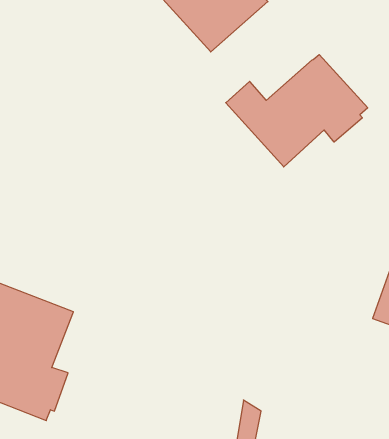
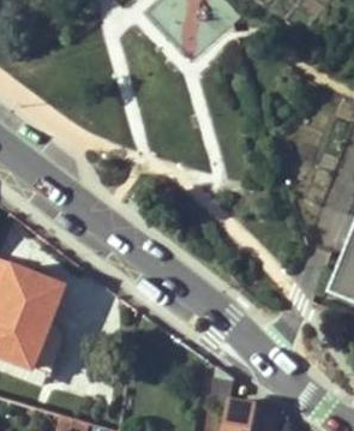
building: [226,55,368,167] -> none

